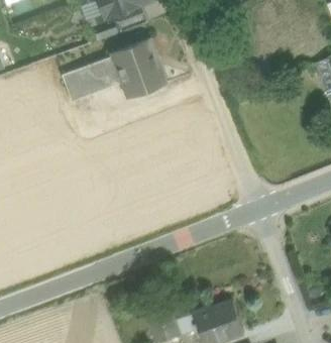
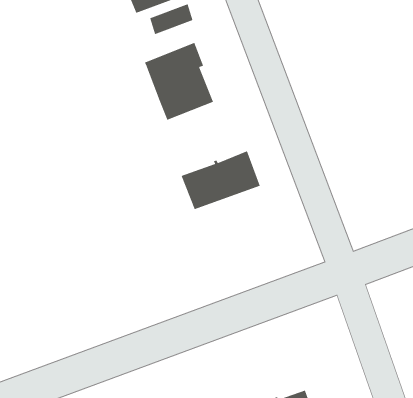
building: [62,55,122,101] -> [181,150,261,210]

